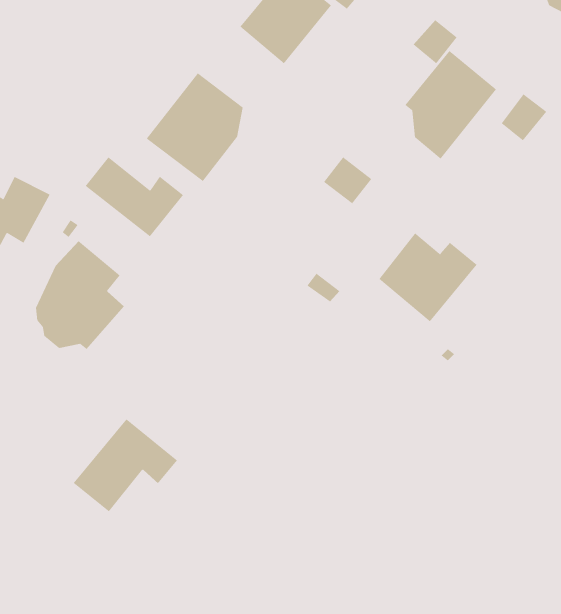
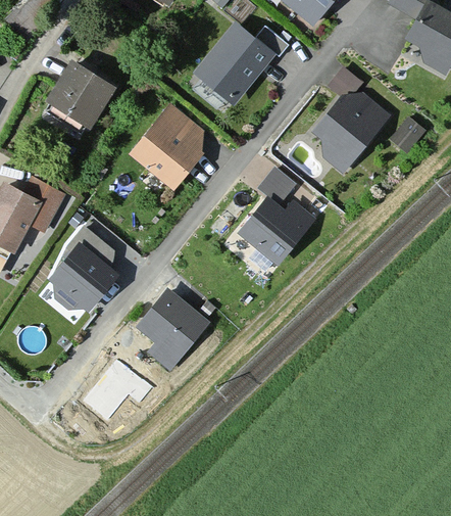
building: none -> [50,65,113,130]
building: [85,156,184,237] -> none
building: [378,233,478,322] -> [242,194,314,260]
building: none -> [142,293,206,370]

